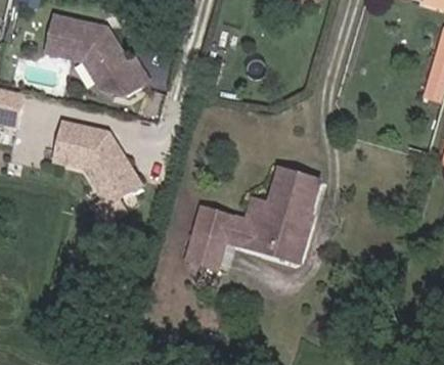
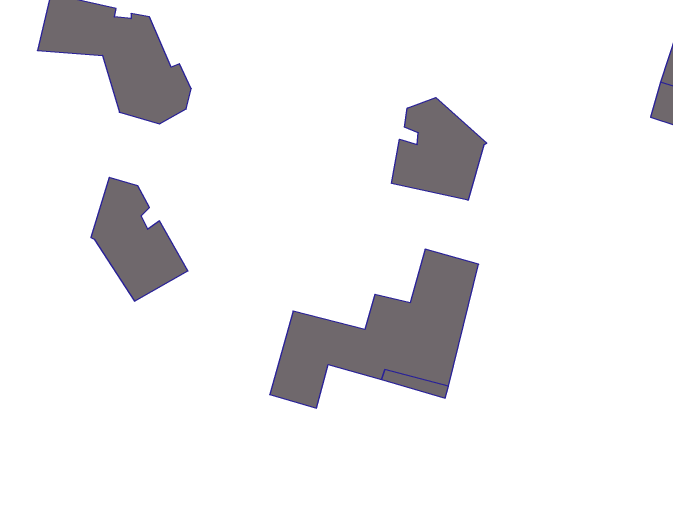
building: none -> [392,98,487,200]
building: [55,120,92,165] -> none

